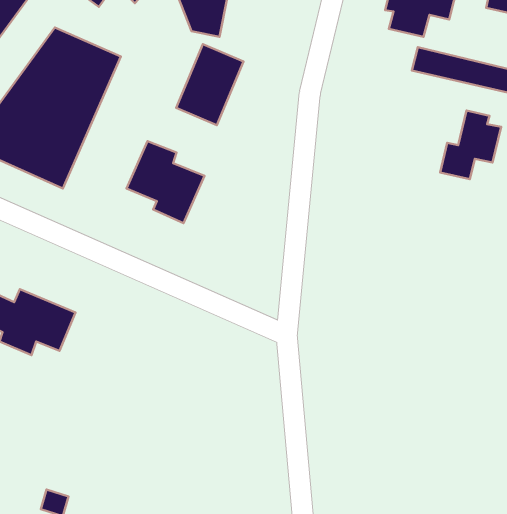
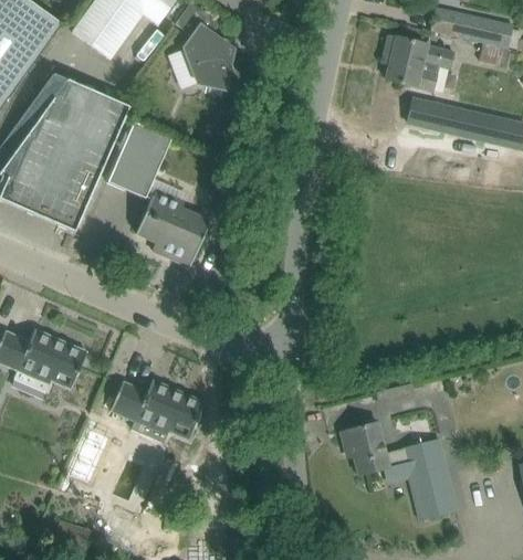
building: [176,44,243,125] -> [106,120,170,198]
building: [440,111,501,179] -> none
building: none -> [109,379,203,442]
building: none -> [339,421,456,518]

